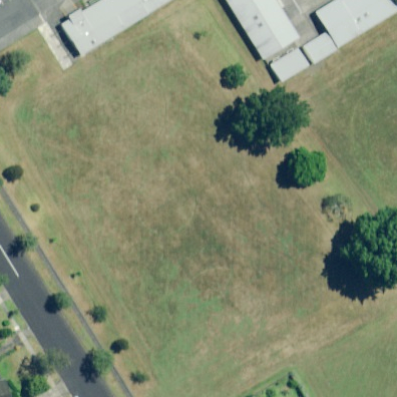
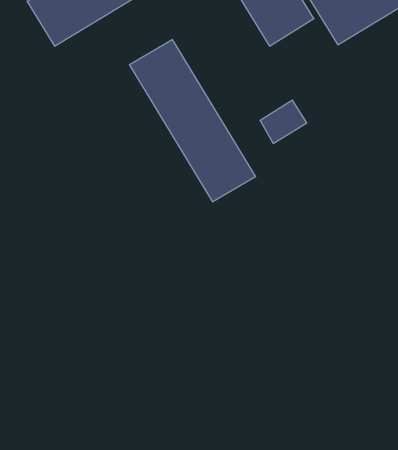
building: [271,42,310,78] -> [260,100,307,143]
building: none -> [130,39,256,202]

